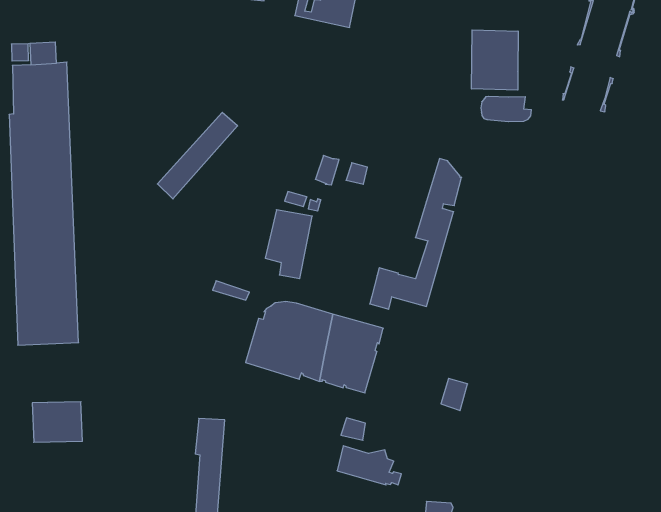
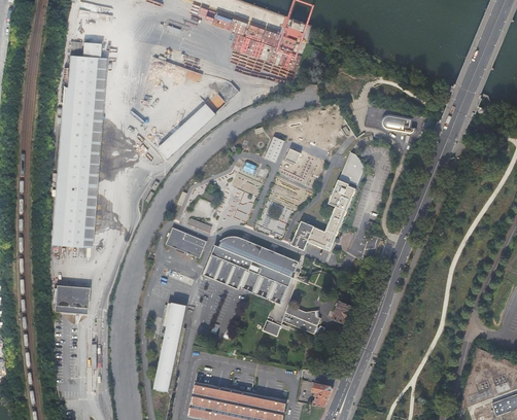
building: [472,30,518,90] -> none
building: none -> [165,226,206,257]
building: [337,446,401,485] -> [282,304,325,335]

